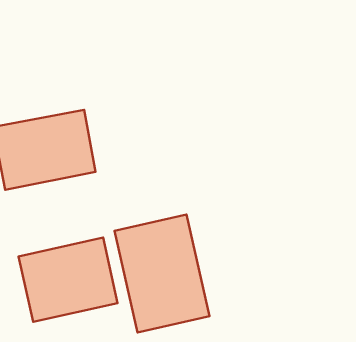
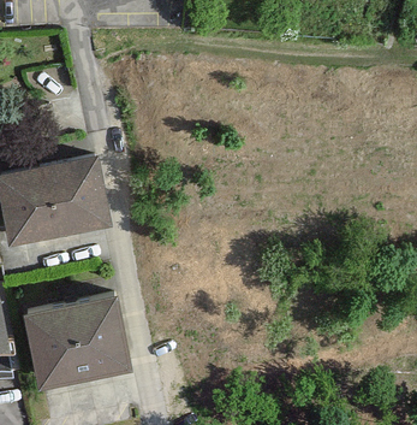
building: [115,215,209,333] -> none

